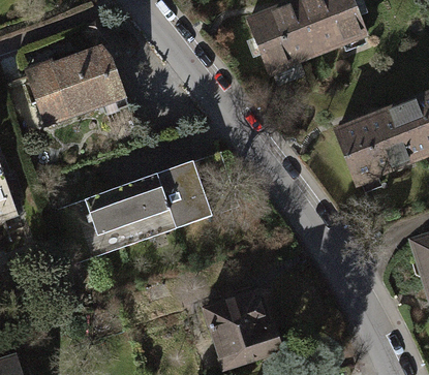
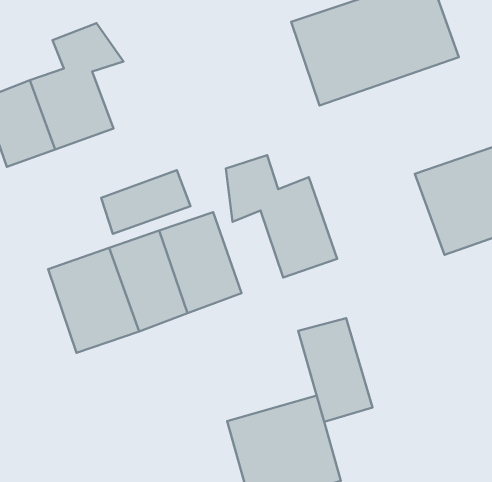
building: none -> [226,155,337,278]
building: none -> [101,170,191,234]
building: none -> [298,318,373,422]

